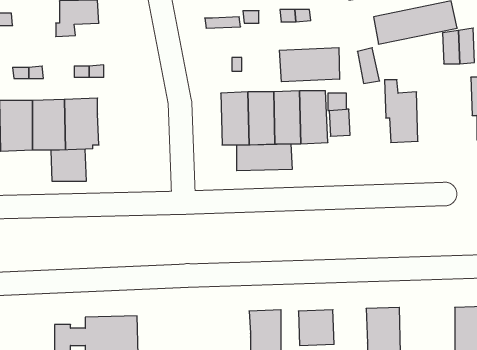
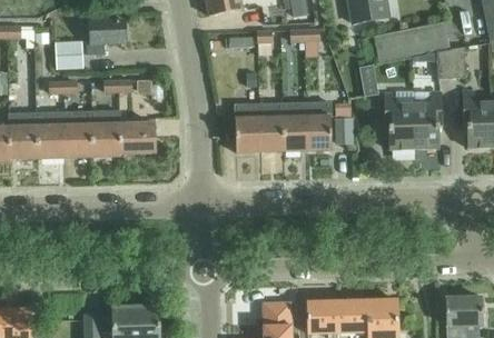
building: none -> [53,40,82,68]
building: [279,48,340,82] -> none
building: none -> [413,91,442,148]
building: [237,144,292,171] -> none
building: [51,149,86,181] -> [125,122,157,151]
building: none -> [337,299,368,331]

